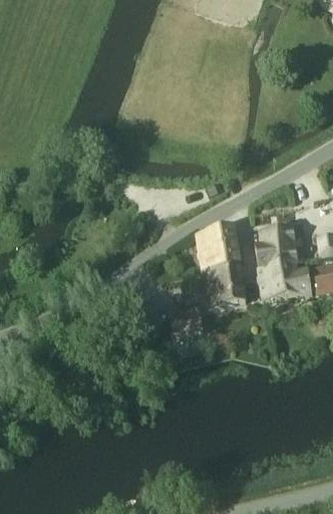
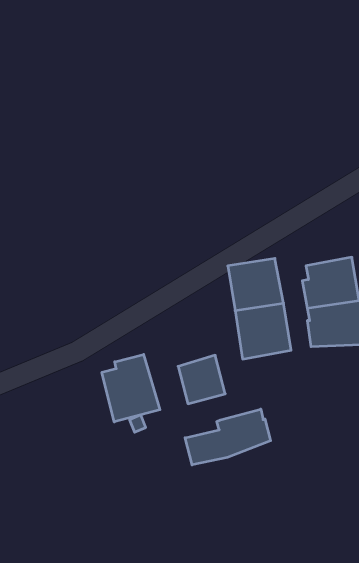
building: none -> [102,354,160,422]
building: none -> [185,409,271,465]

